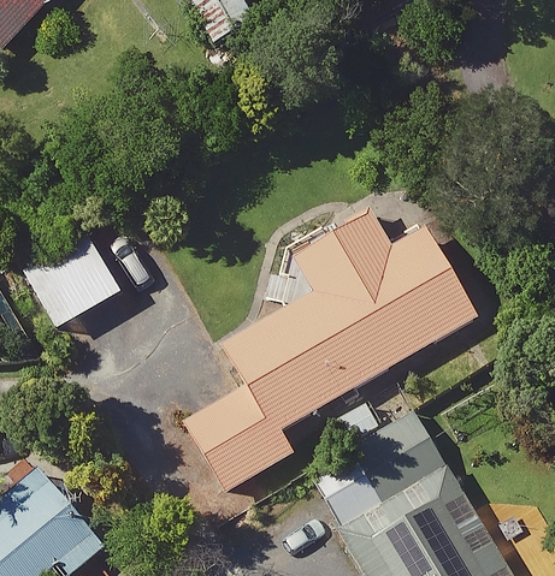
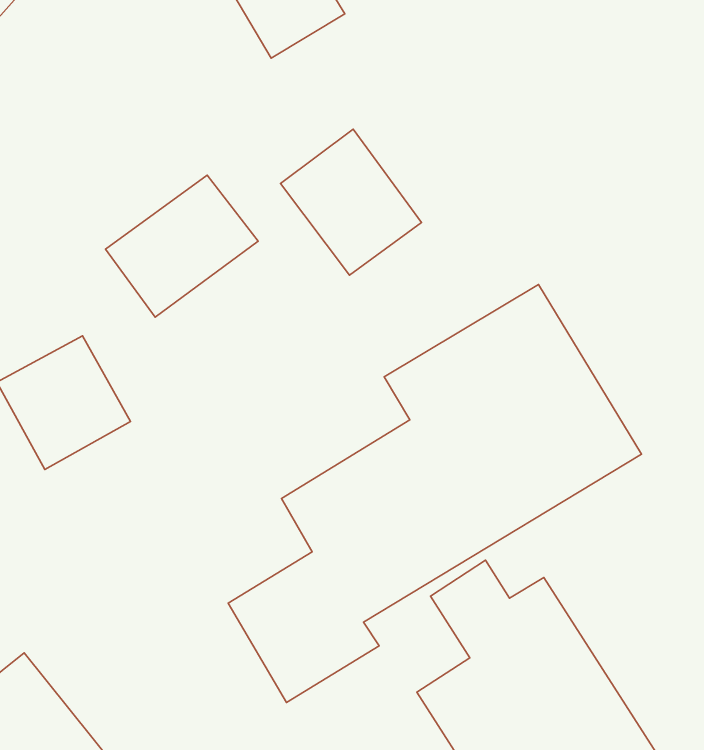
building: none -> [281,129,421,275]
building: none -> [105,175,258,317]

